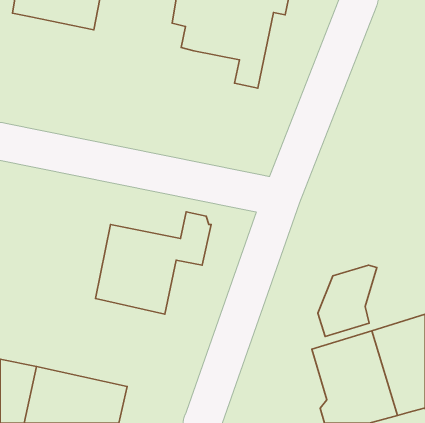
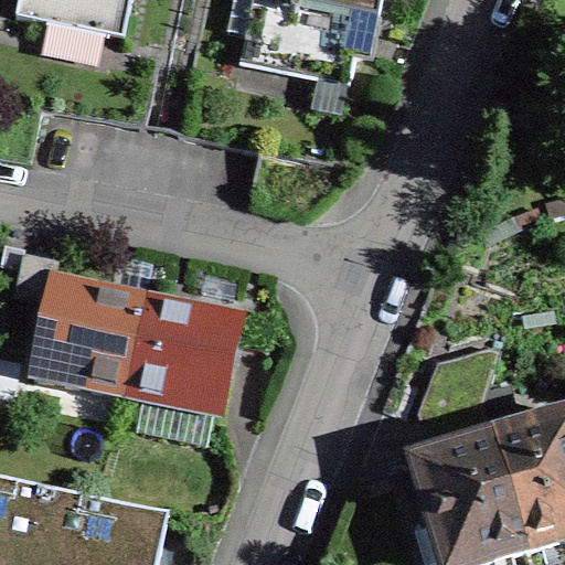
building: none -> [14,255,147,396]

